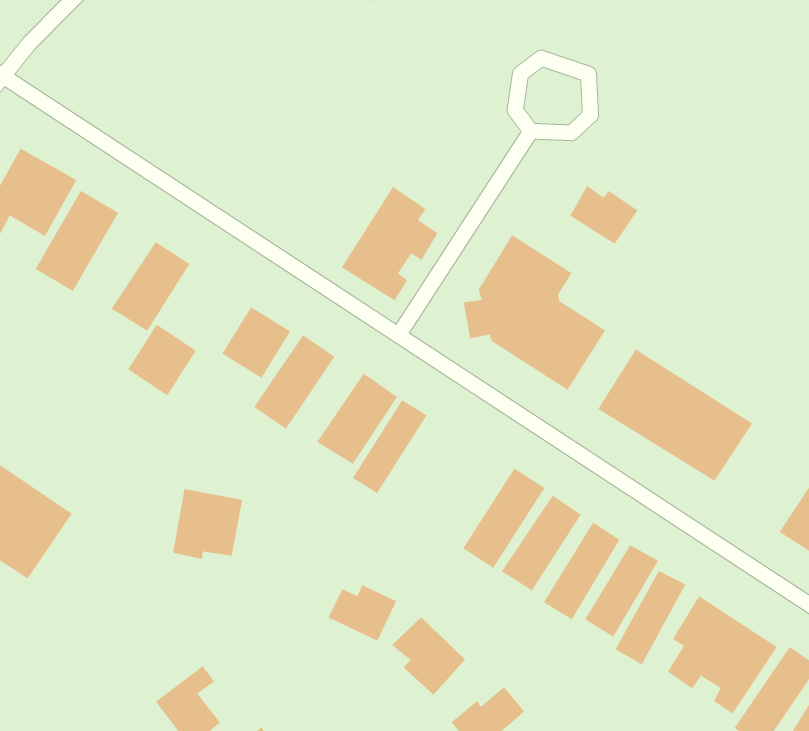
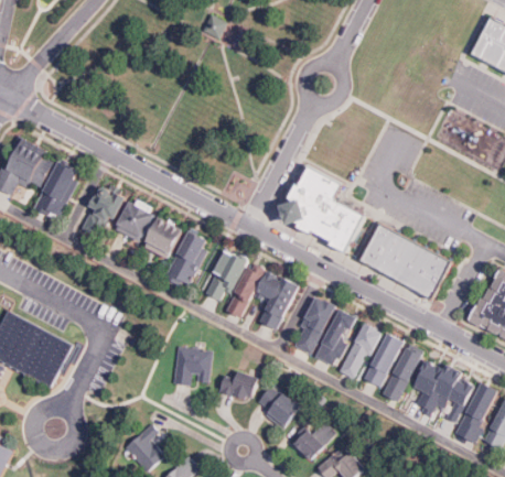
building: [569,185,639,245] -> none
building: [341,186,439,301] -> none
building: [127,323,197,396] -> [116,202,154,242]
building: none -> [257,271,298,330]
building: [172,488,243,560] -> [173,347,211,387]

